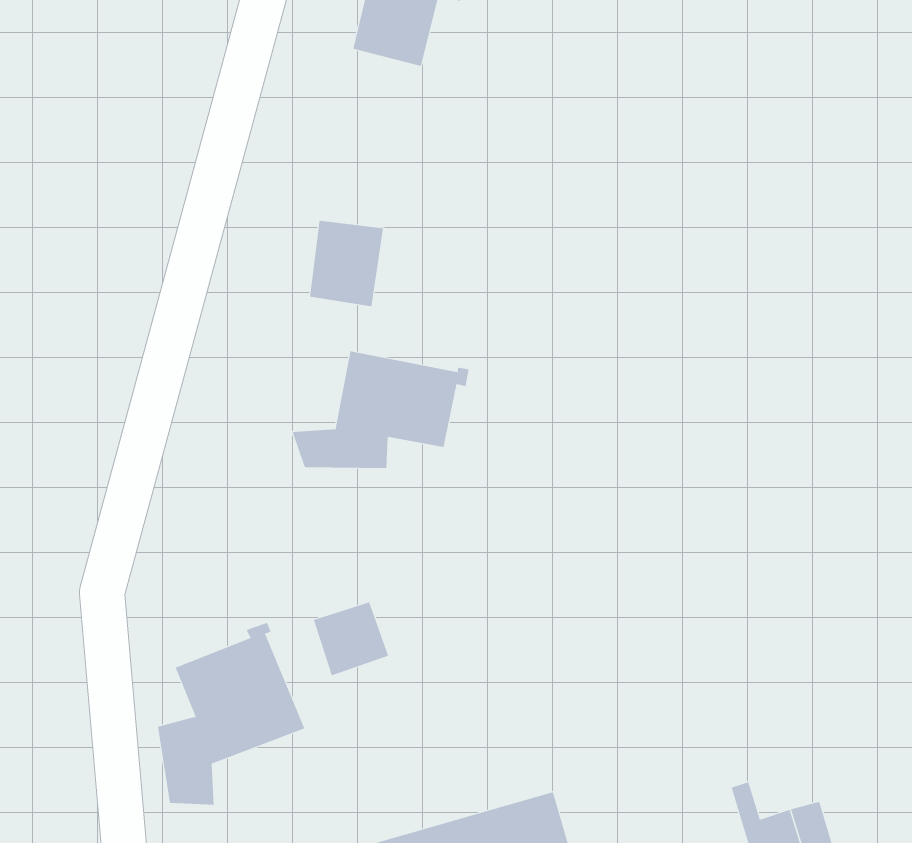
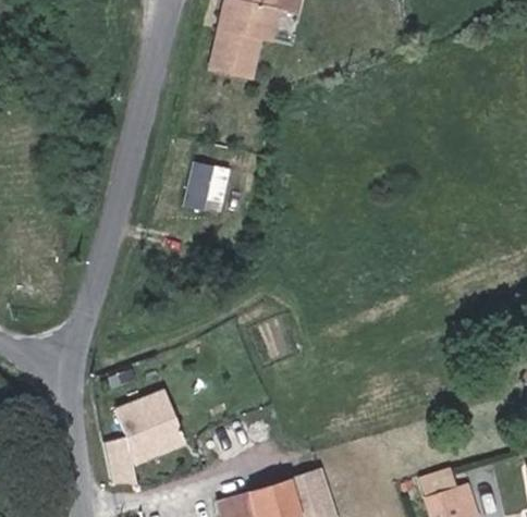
building: [292,351,469,469] -> none
building: [313,601,389,676] -> none

